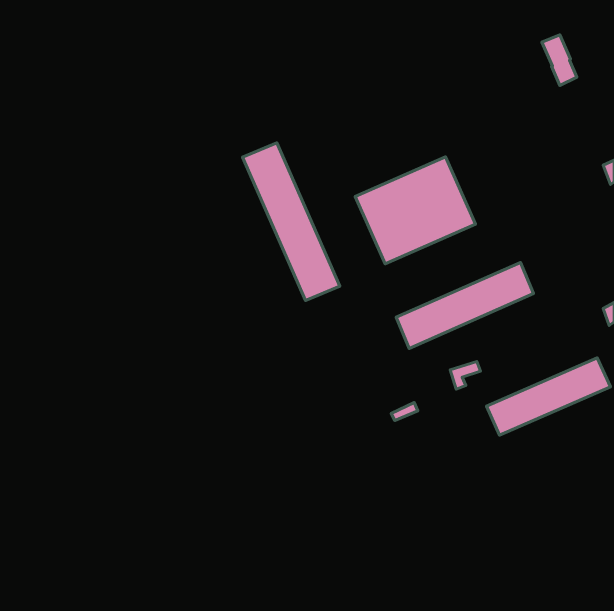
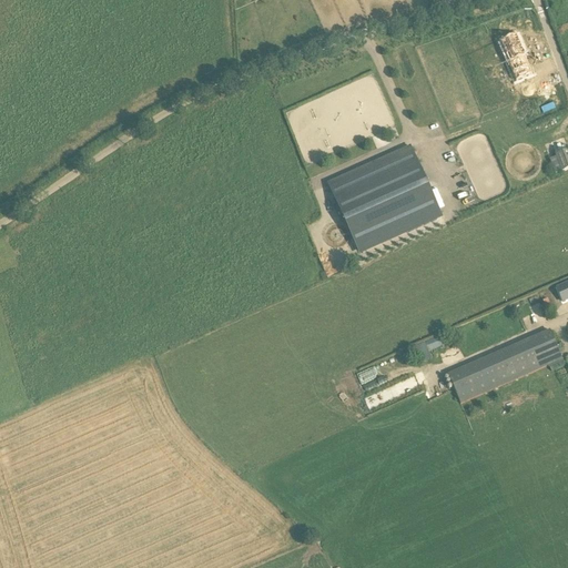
building: [243,143,340,300] -> none
building: [396,262,533,348] -> none

